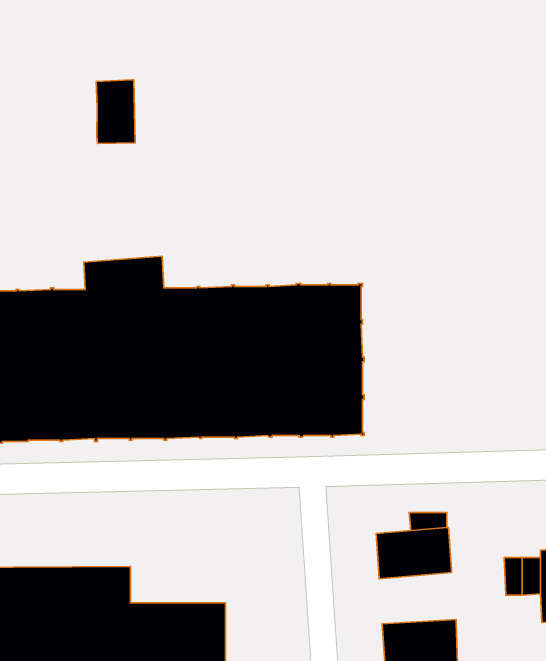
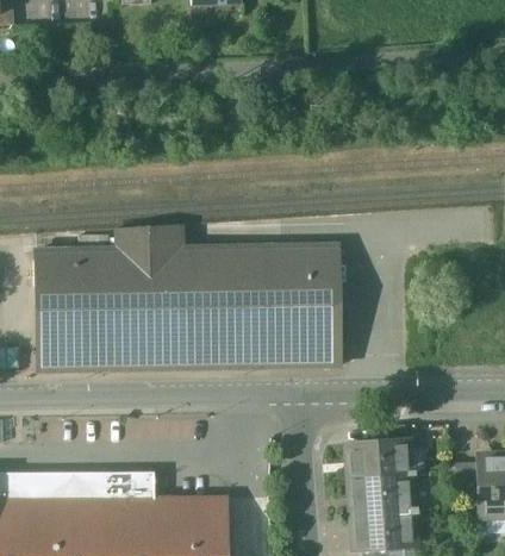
building: [96,80,135,143] -> none
building: none -> [351,475,412,516]

